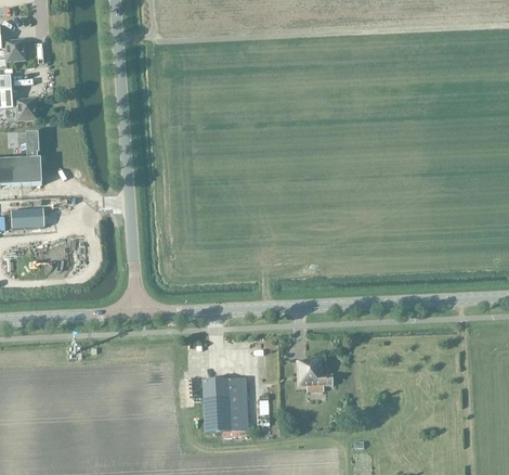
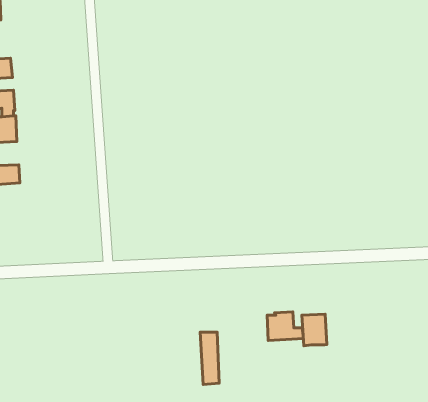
building: none -> [302,314,327,346]
building: [201,377,231,432] -> none

